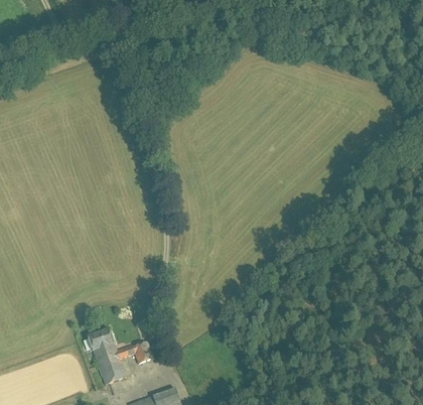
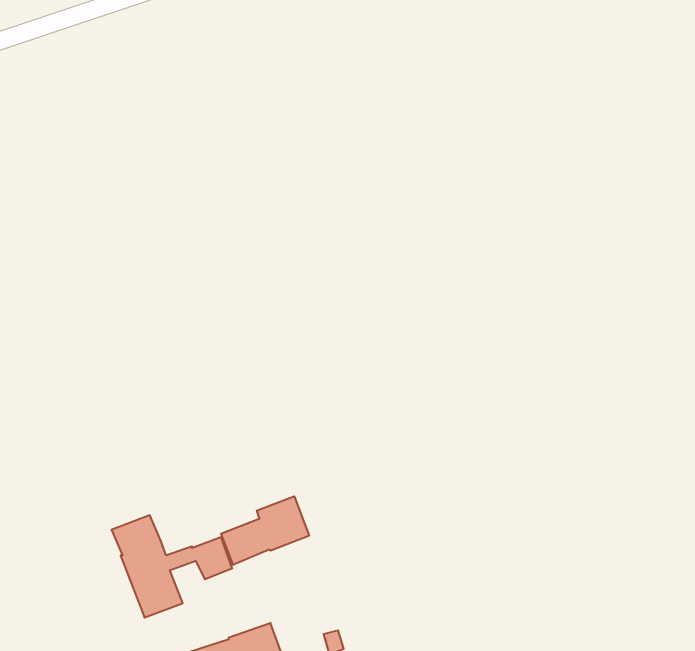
building: none -> [221,496,309,565]

